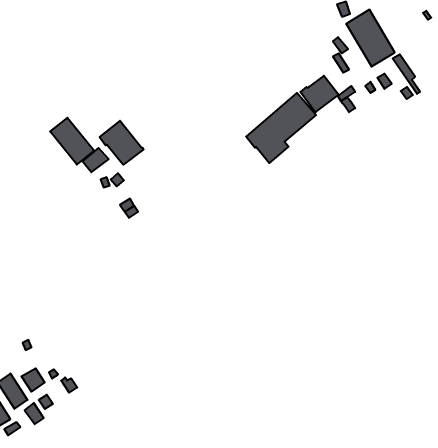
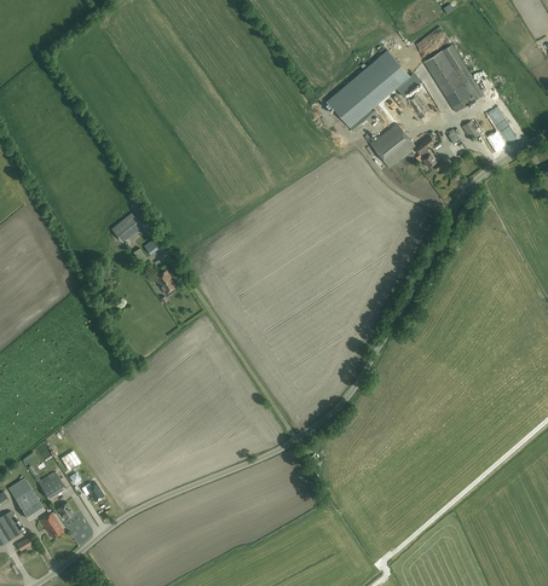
building: [246,93,316,163] -> [327,51,410,134]
building: [50,118,94,165] -> none
building: [100,121,144,165] -> none

